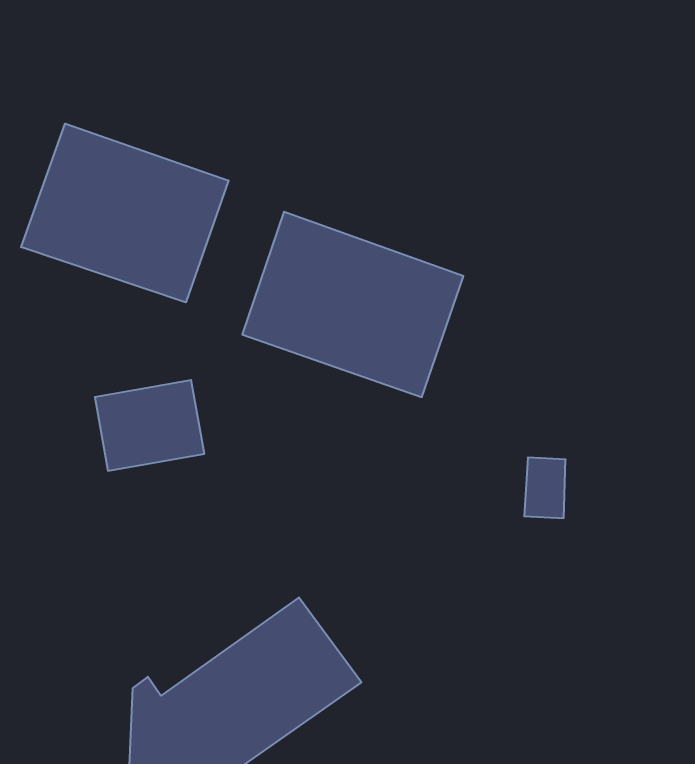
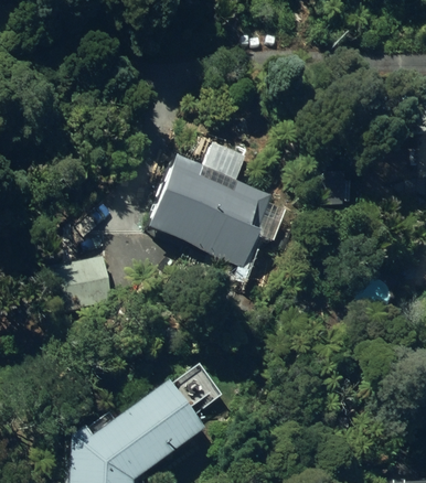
building: [21,124,229,302] -> none

